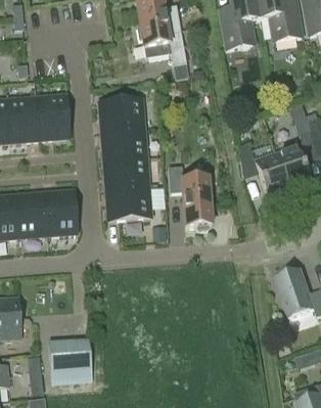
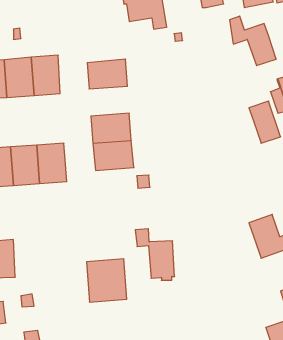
building: [101,128,145,161] -> none
building: [238,143,289,197] -> [230,16,276,66]
building: [168,173,211,229] -> [135,229,175,280]
building: [48,336,92,383] -> [87,259,127,302]

